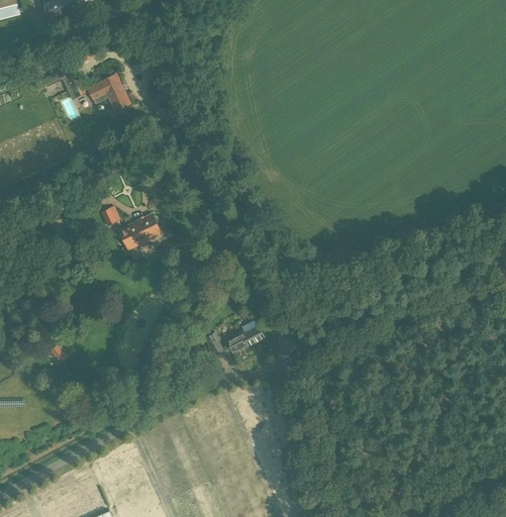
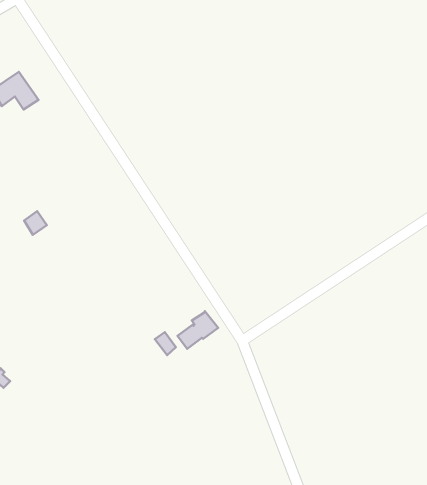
building: [118,214,161,244] -> none

